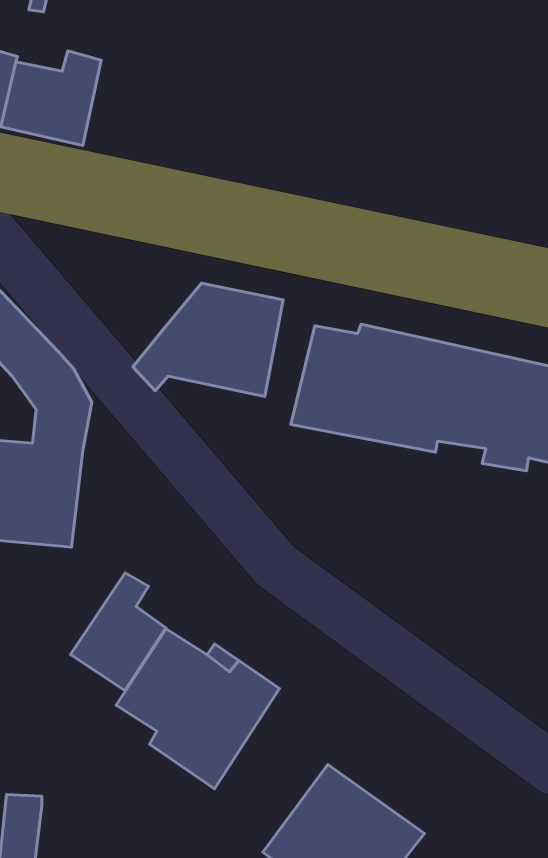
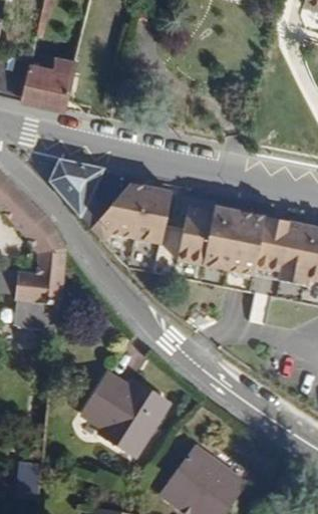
building: none -> [49,161,108,229]
building: [71,573,166,690] -> none

